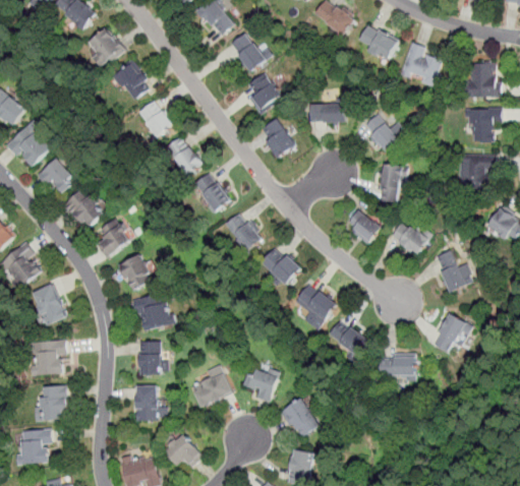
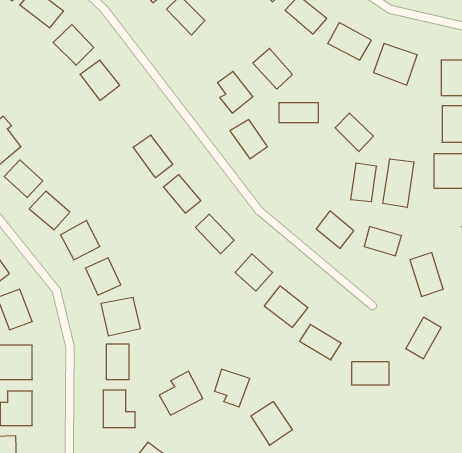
building: [228,33,267,72] -> [253,48,292,89]
building: [138,100,172,136] -> none
building: none -> [383,159,414,208]

